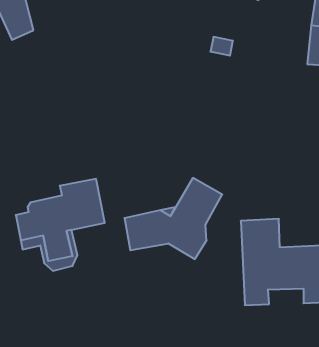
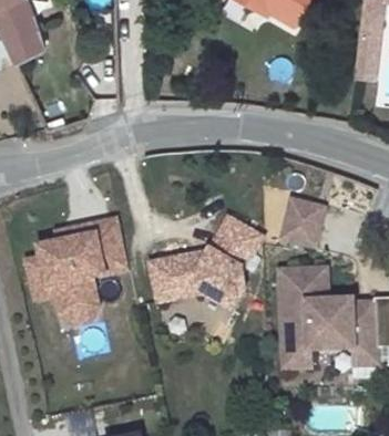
building: none -> [276,193,321,240]

